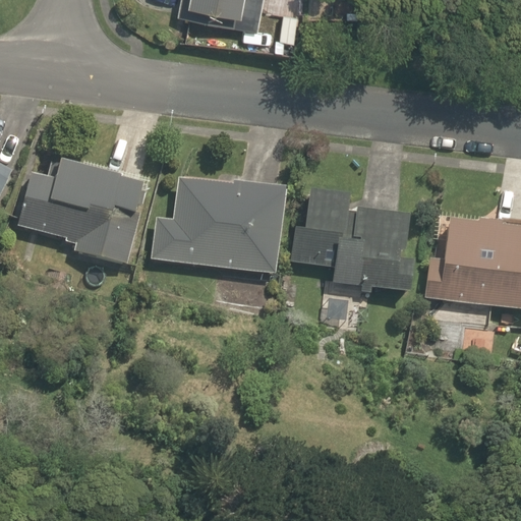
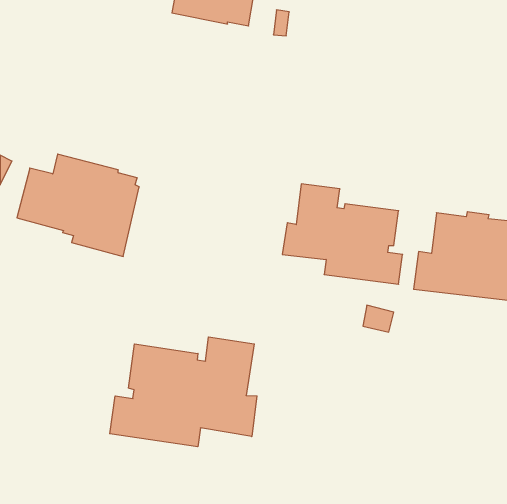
building: [152,177,288,275] -> none
building: none -> [110,337,257,447]

